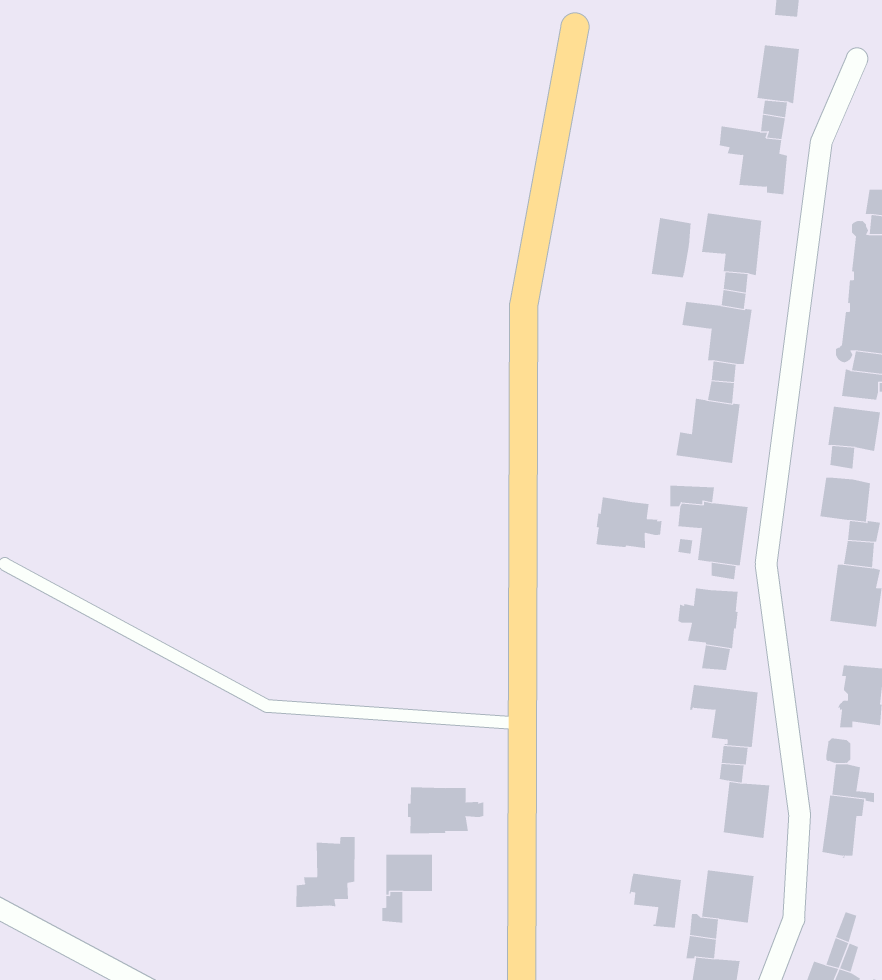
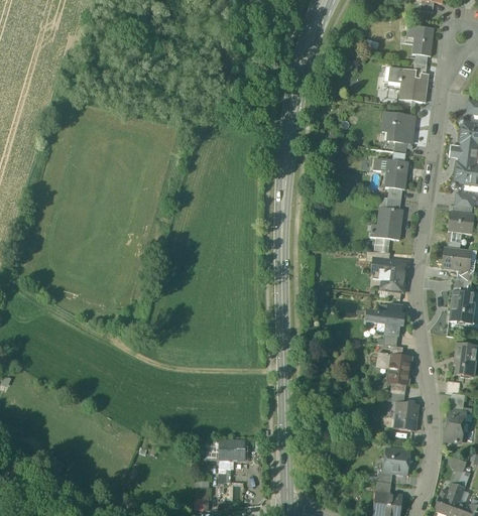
building: [651,217,691,278] -> none
building: [596,497,662,549] -> none
building: [408,786,484,834] -> none
building: [296,836,355,908] -> none
building: [629,873,681,929] -> none

